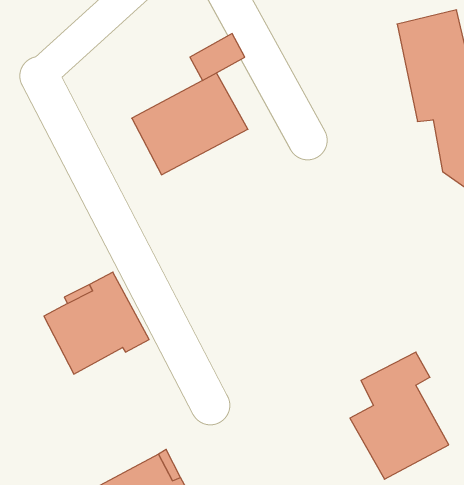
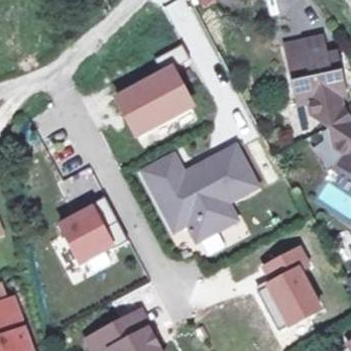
building: none -> [144,145,255,237]

